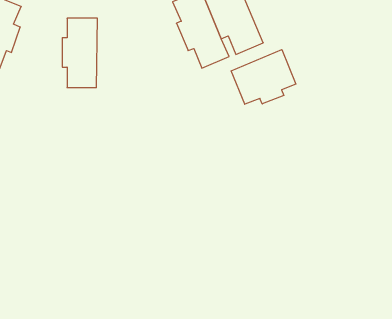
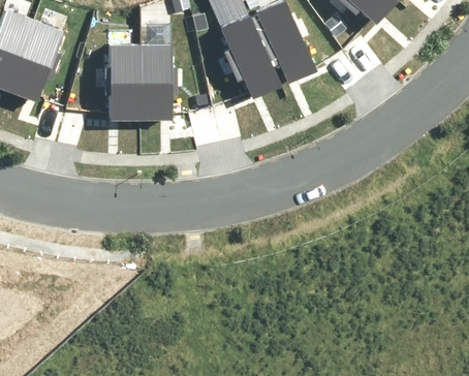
building: none -> [139,45,177,119]
building: [231,50,296,104] -> none

